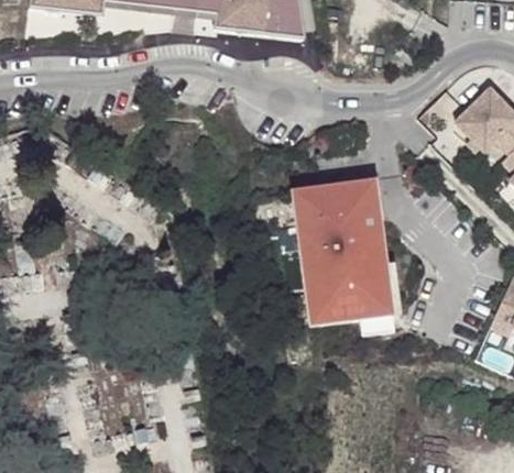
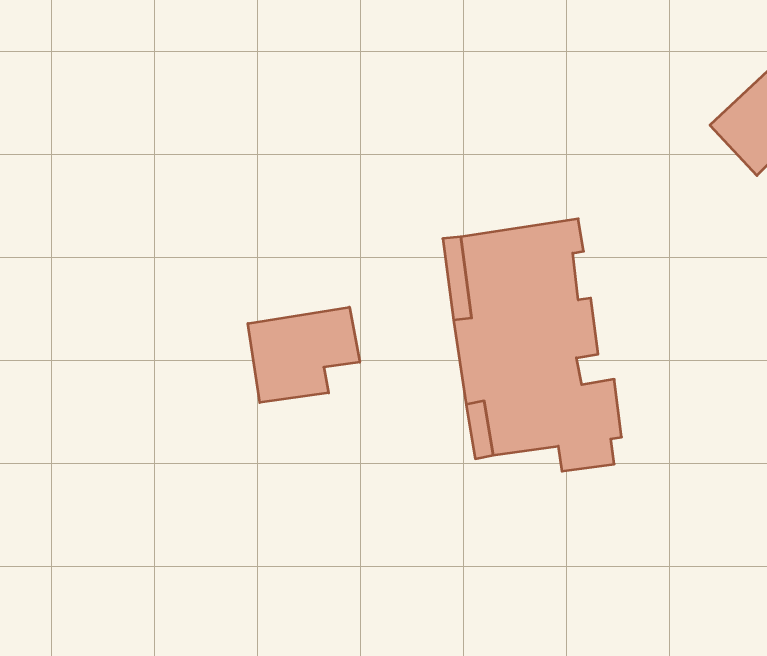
building: none -> [248,307,360,403]

